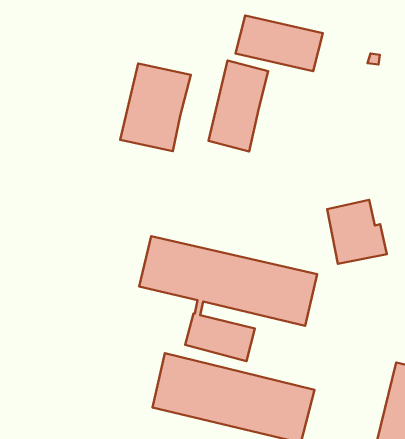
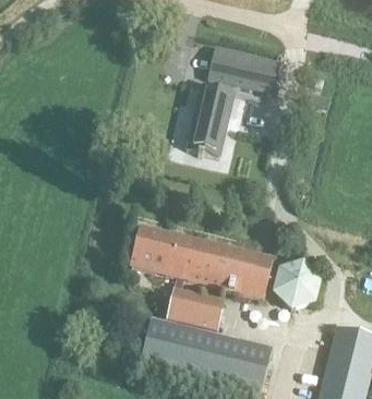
building: [120,64,191,151] -> none
building: [327,200,387,264] -> [276,256,324,307]

